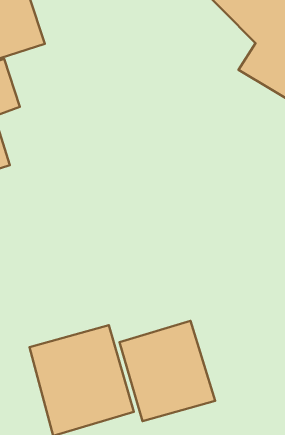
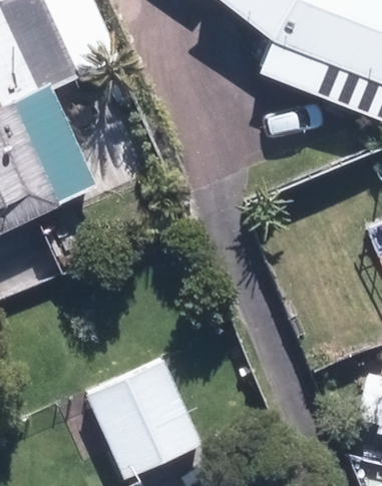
building: [120,321,215,421] -> none

